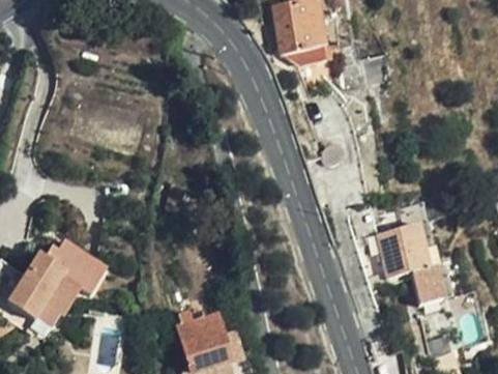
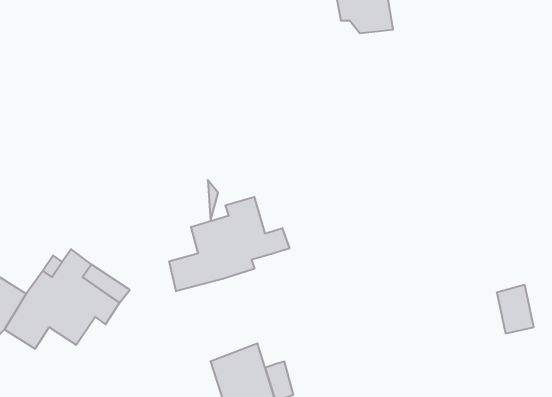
building: none -> [169,197,289,291]
building: [381,226,433,278] -> none

